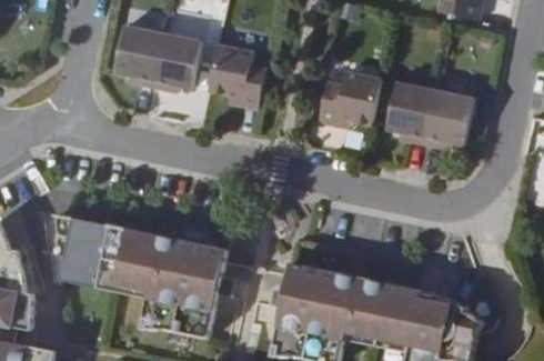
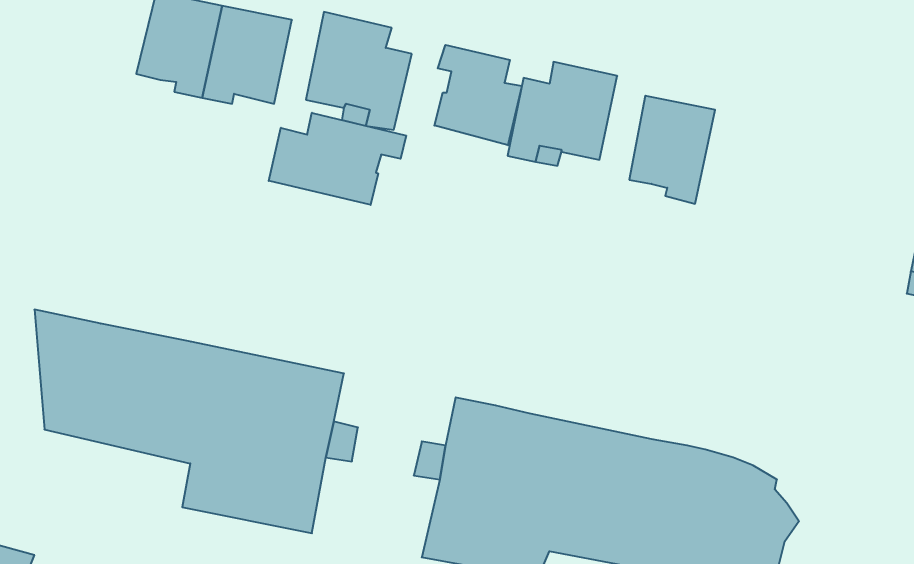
building: none -> [434,45,522,145]
building: [422,98,471,153] -> none
building: none -> [269,113,406,205]

